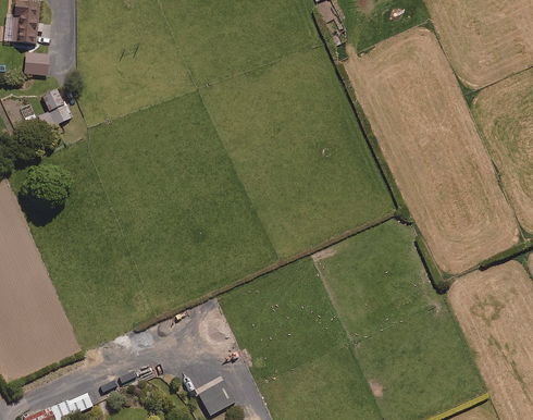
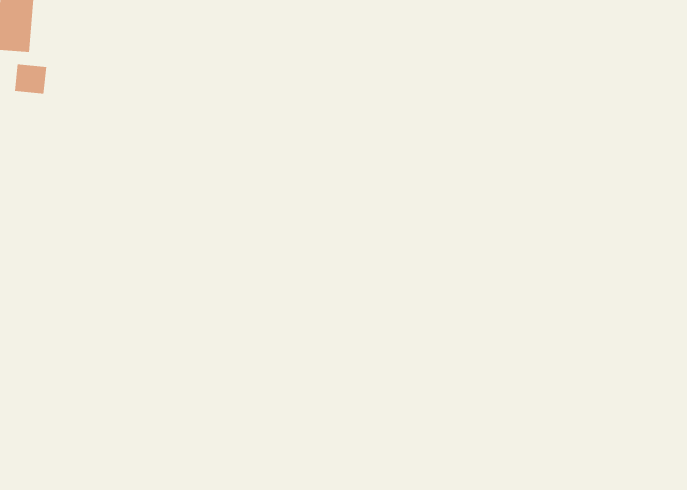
building: [42,90,71,126] -> none

